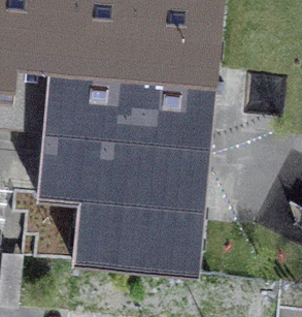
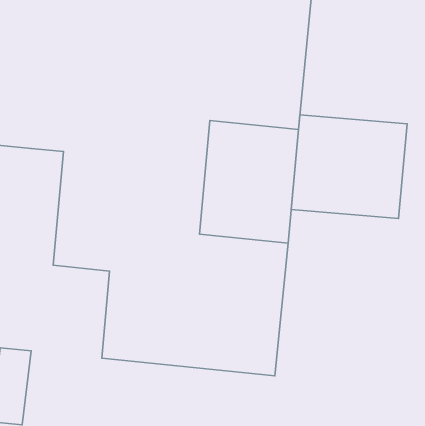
building: none -> [291,115,407,219]

